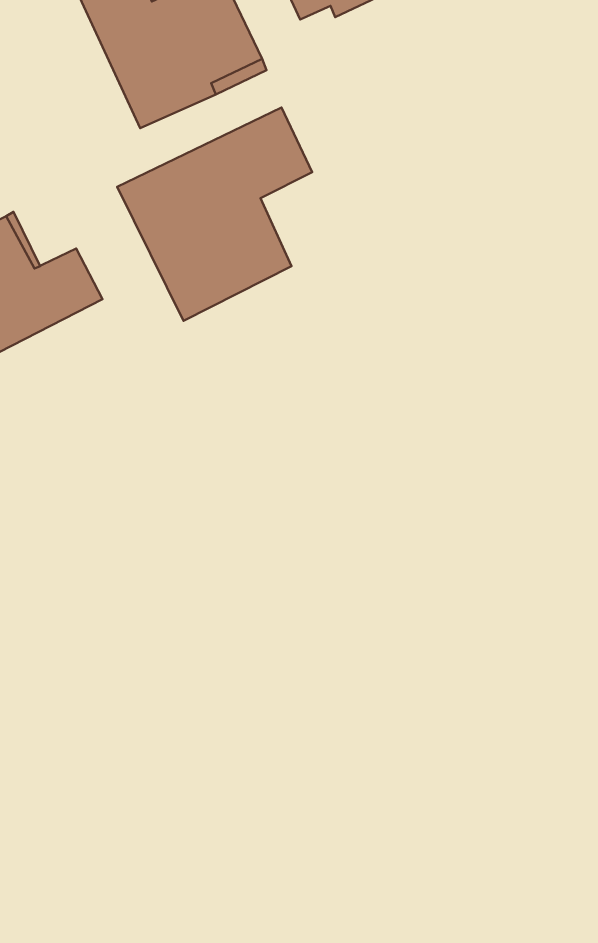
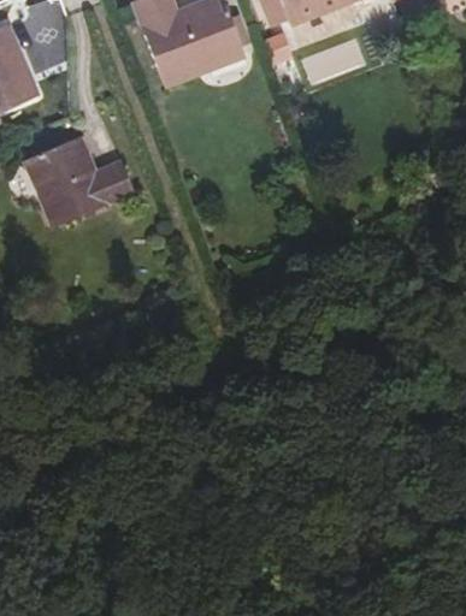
building: [117,108,312,321] -> none

